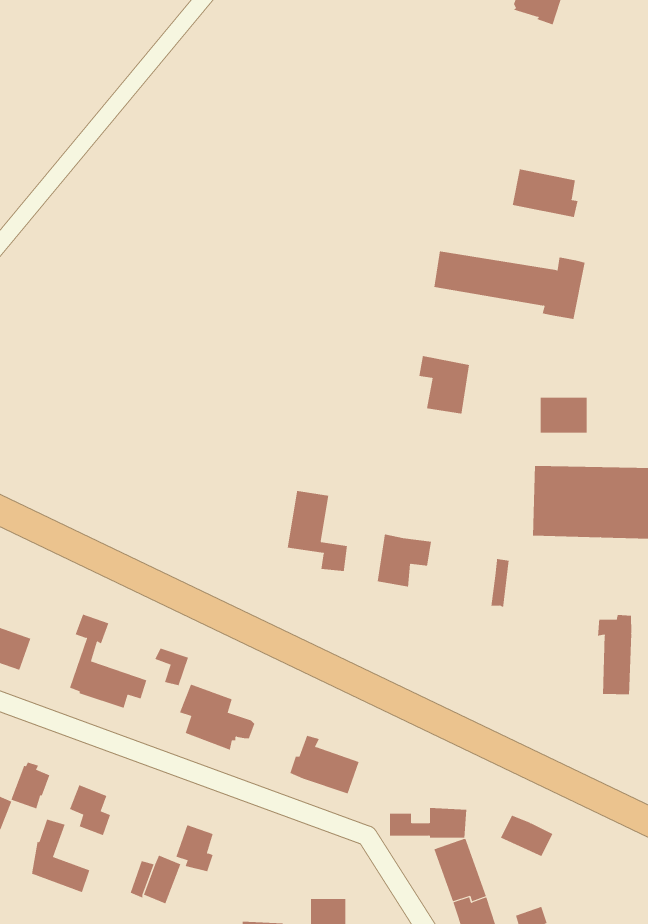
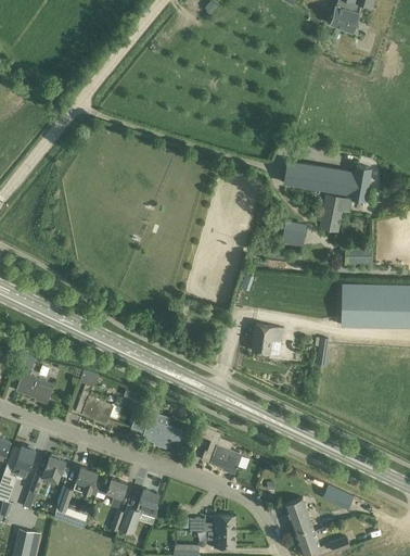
building: [512,169,578,218] -> none
building: none -> [320,194,351,231]
building: [287,490,348,572] -> none
building: [598,614,632,695] -> none
building: none -> [95,478,127,508]
building: [389,808,467,838] -> [191,515,235,532]

